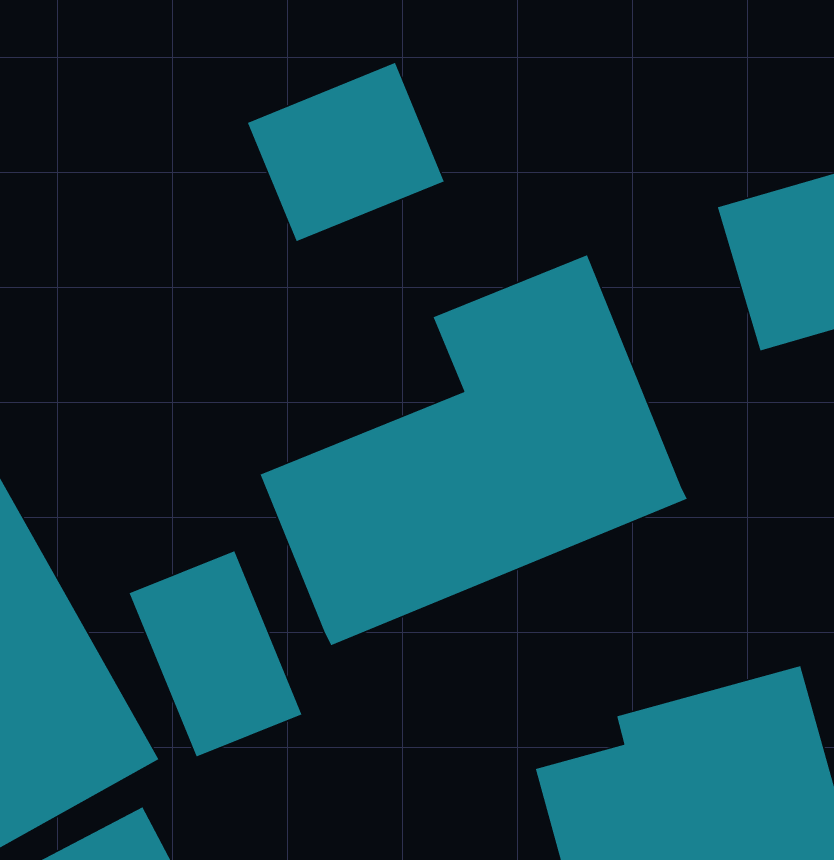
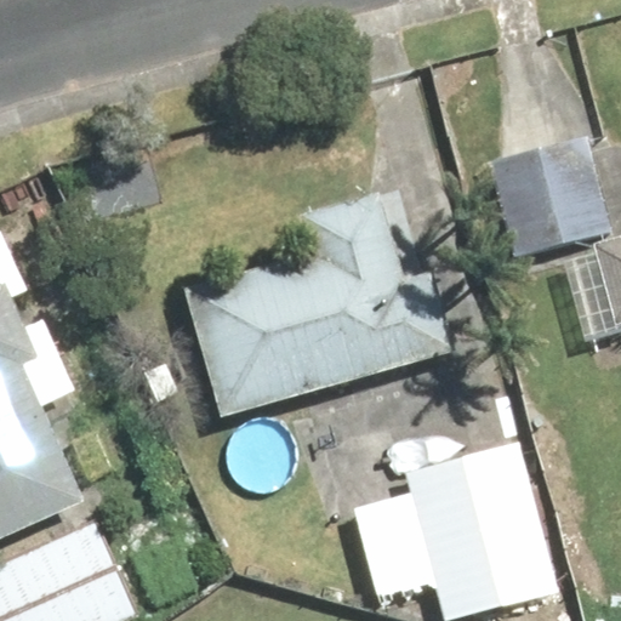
building: [247,62,445,242] -> none
building: [129,550,303,757] -> none

